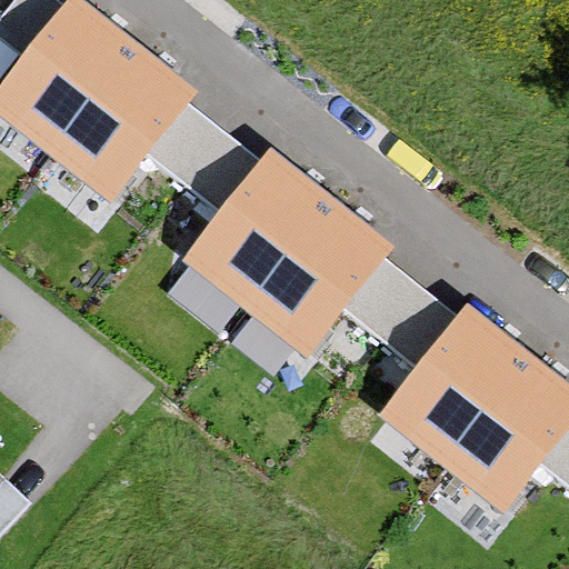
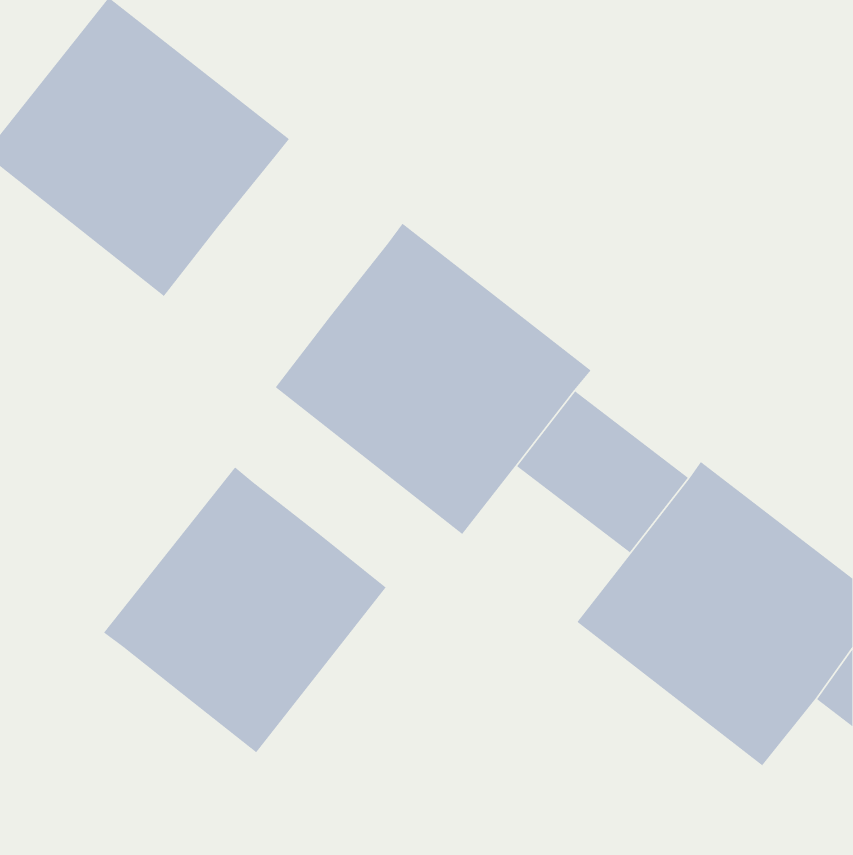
building: [144,103,257,209] -> none
building: none -> [103,467,386,753]

